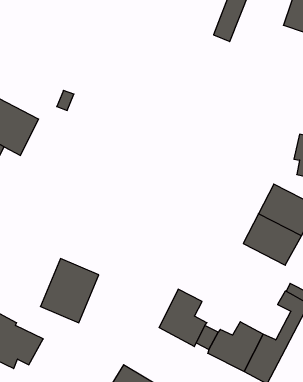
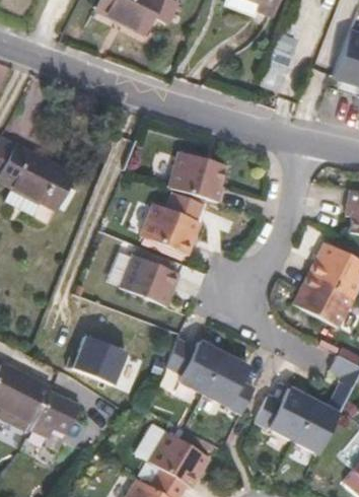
building: none -> [169,151,227,202]
building: none -> [141,202,201,255]
building: none -> [120,254,180,306]
building: none -> [166,339,223,394]

